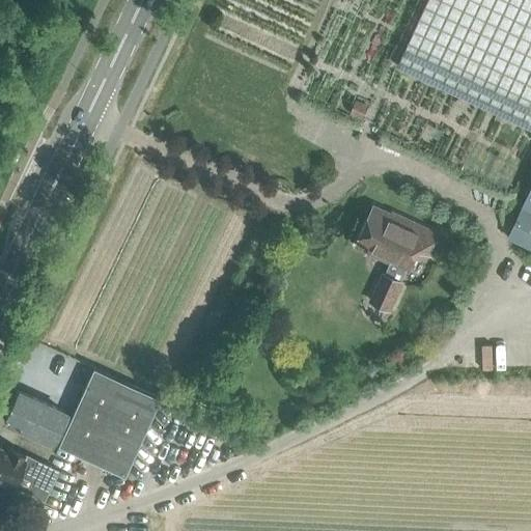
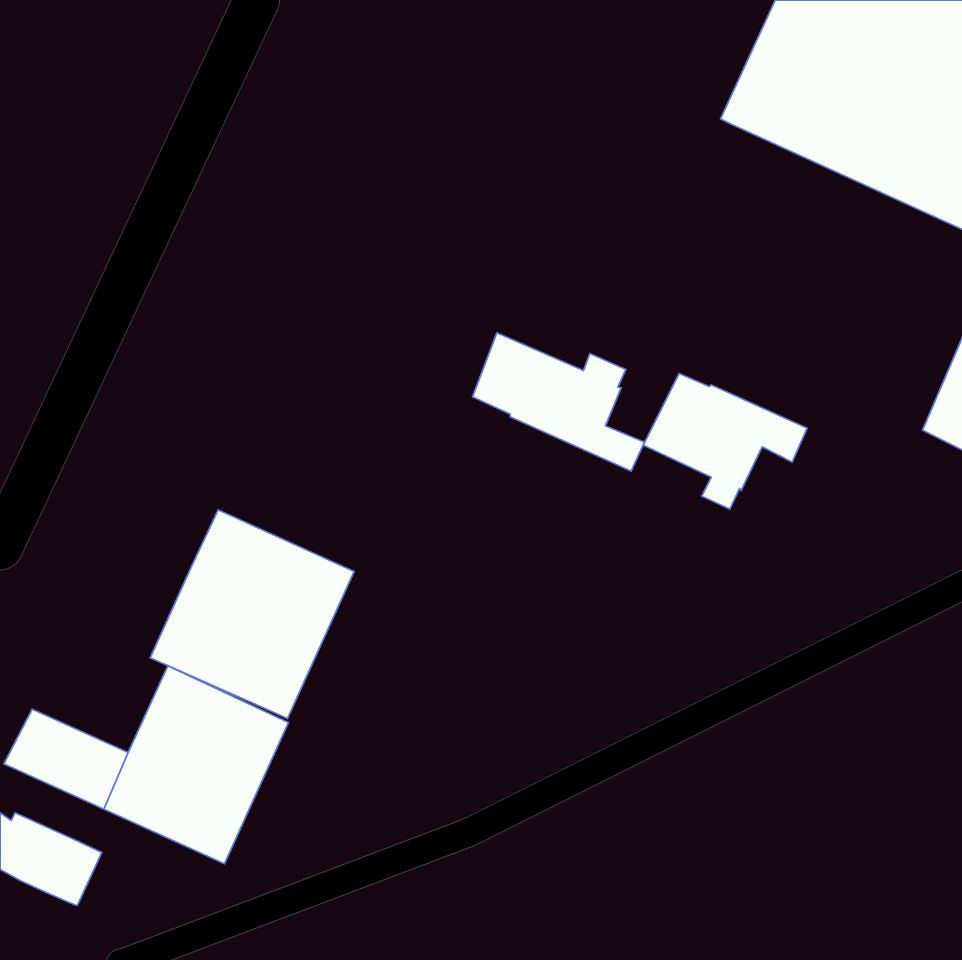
building: none -> [472,333,645,471]
building: [371,274,403,311] -> none
building: none -> [150,510,354,718]

